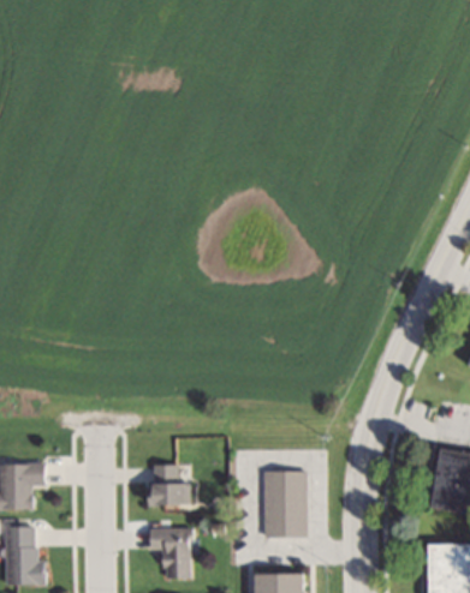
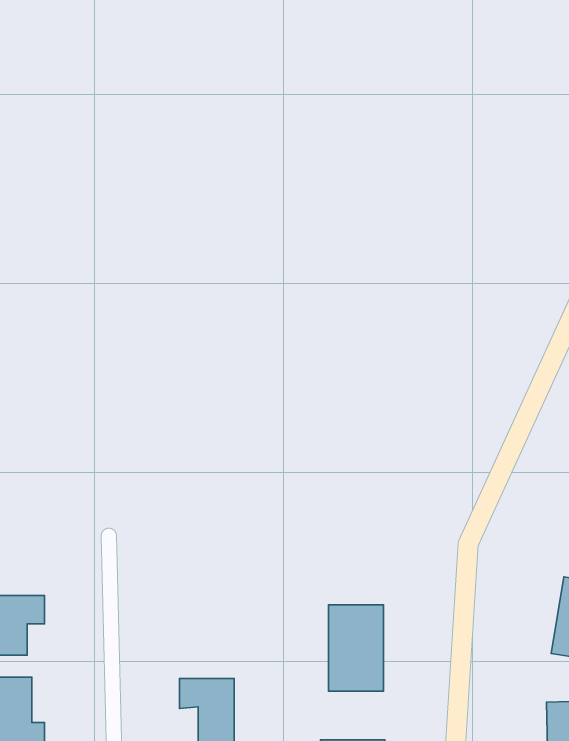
building: [149,463,185,504] -> none

